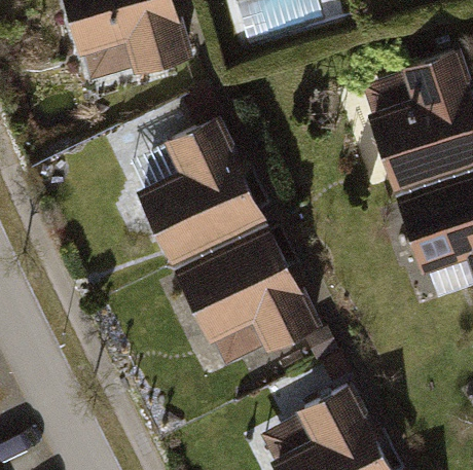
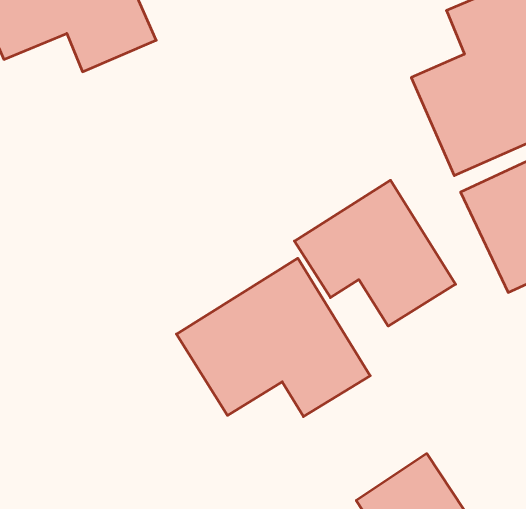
building: [144,125,263,262] -> none
building: none -> [294,180,456,326]

